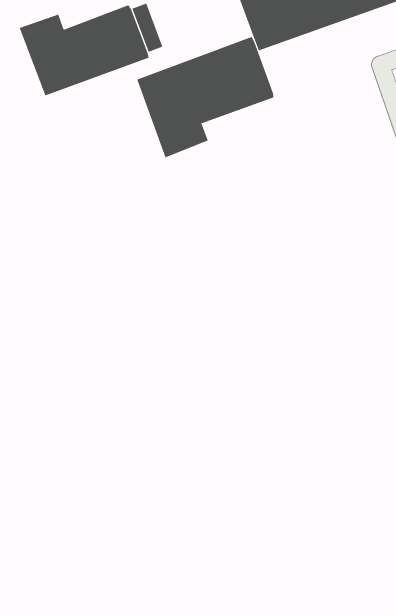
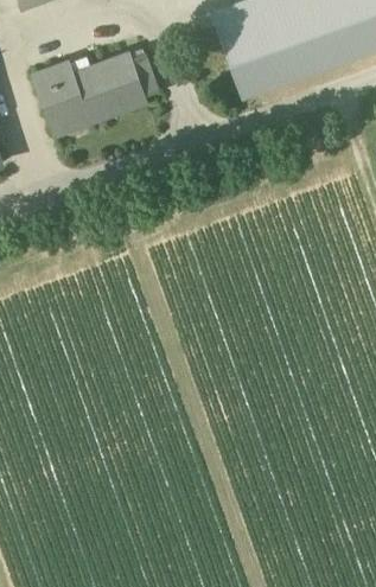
building: [137,36,274,158] -> none

